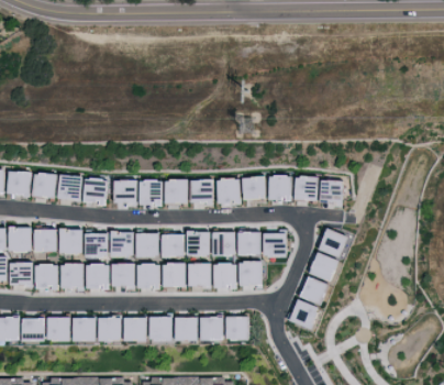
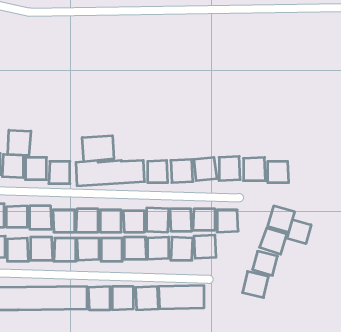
building: none -> [8,130,31,156]
building: none -> [82,136,114,162]
building: none -> [287,219,311,244]

